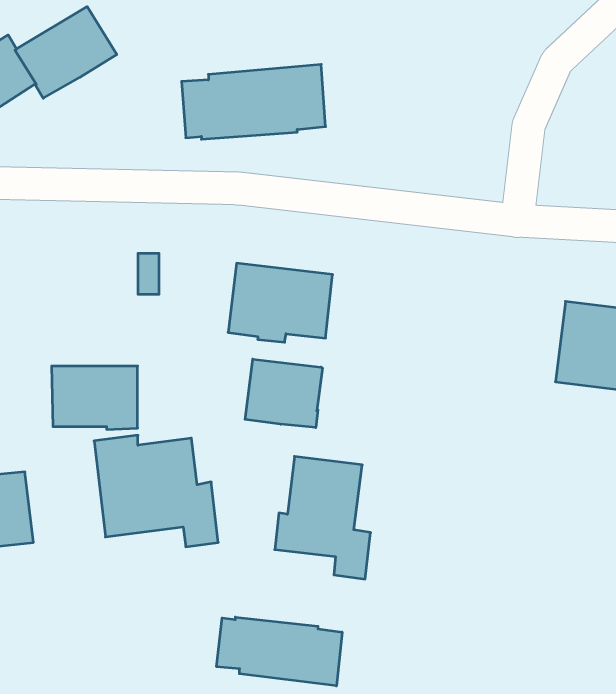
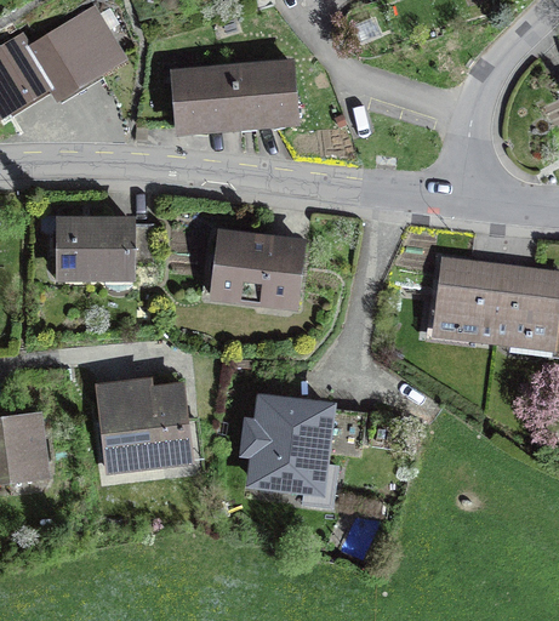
building: none -> [434,258,502,335]
building: [245,359,322,428] -> none
building: [52,366,138,429] -> [57,221,131,275]
building: [217,617,342,686] -> none

